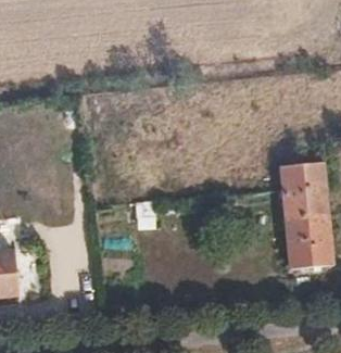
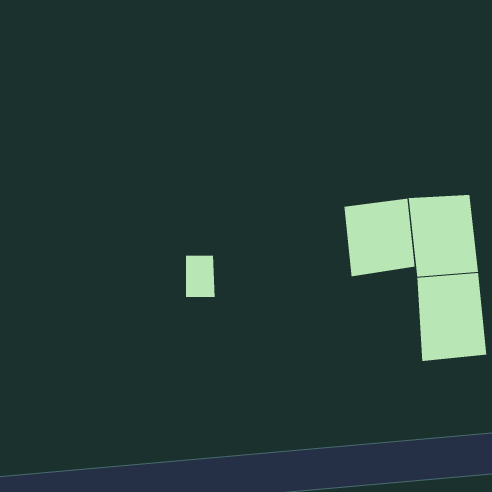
building: none -> [344,198,415,277]

